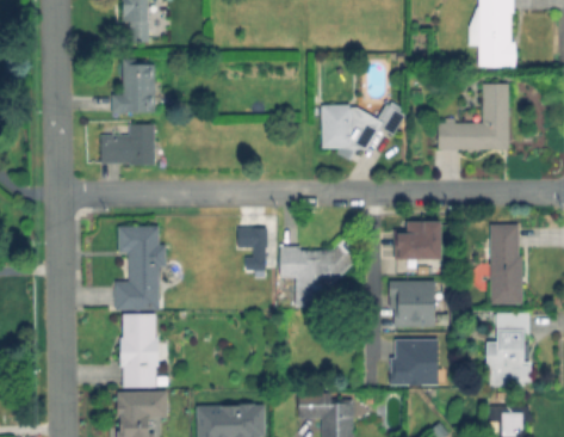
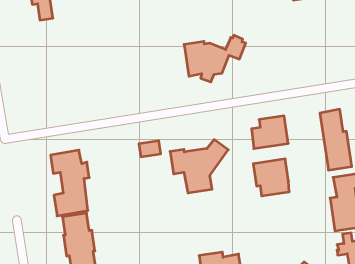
building: [112,59,155,113] -> none
building: [439,84,509,149] -> none
building: [100,124,154,165] -> none
building: [386,338,435,384] -> none

